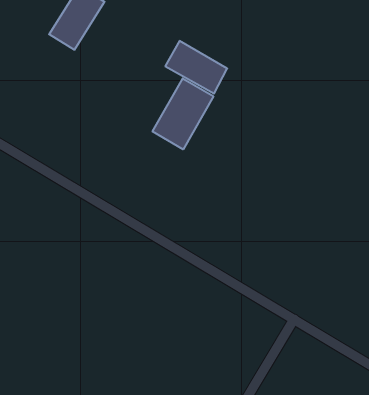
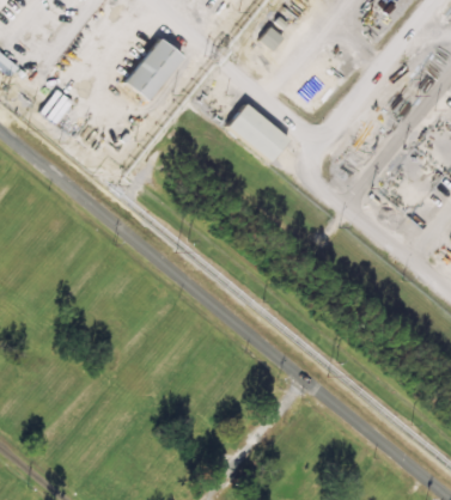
building: [153,78,213,149] -> none

